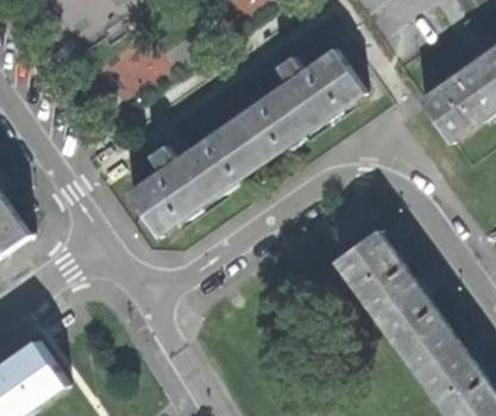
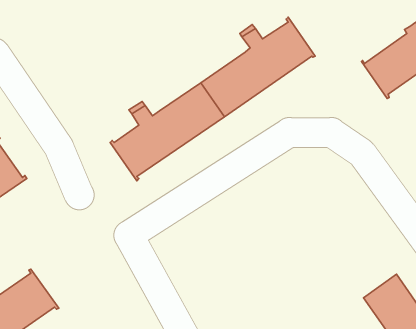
building: [341,231,459,371] -> none

